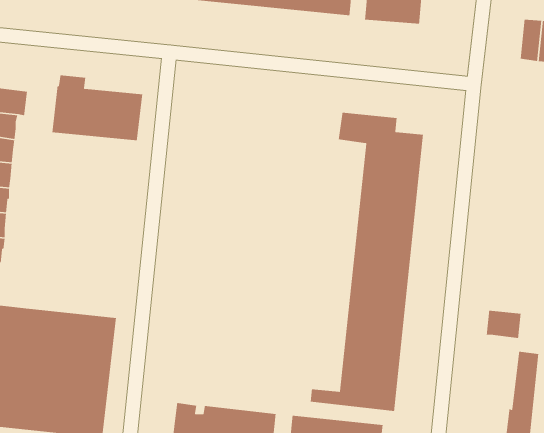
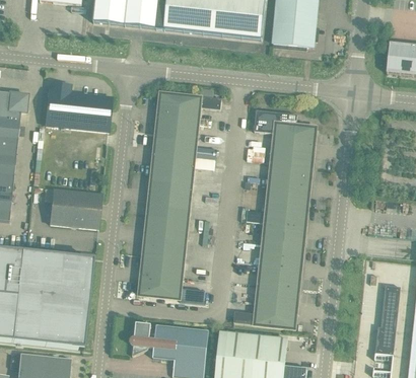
building: none -> [139,91,221,298]
building: none -> [50,188,101,228]
building: [486,310,522,339] -> none

